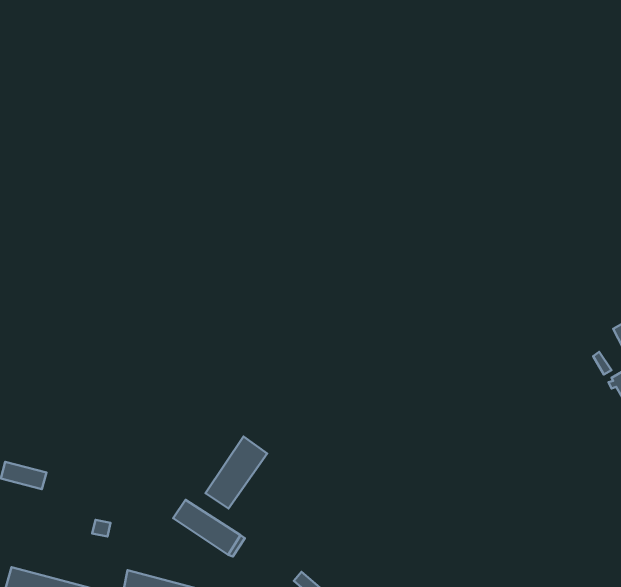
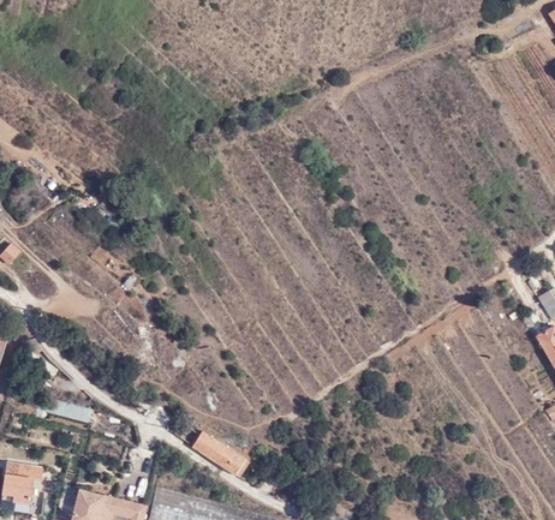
building: [206,436,267,509] -> none

